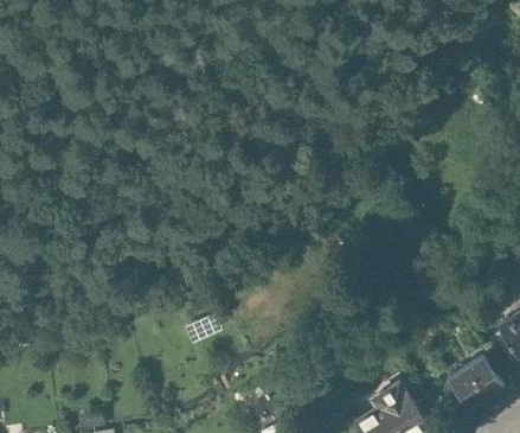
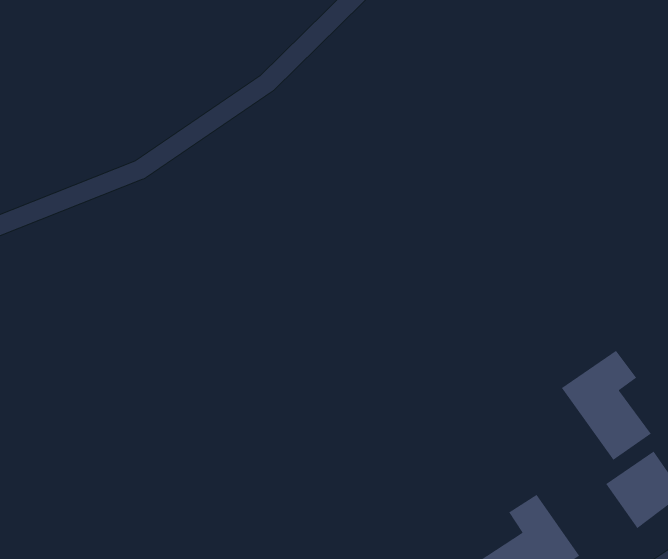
building: none -> [561,350,652,461]

